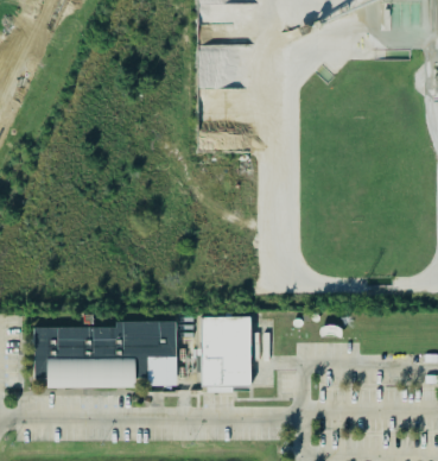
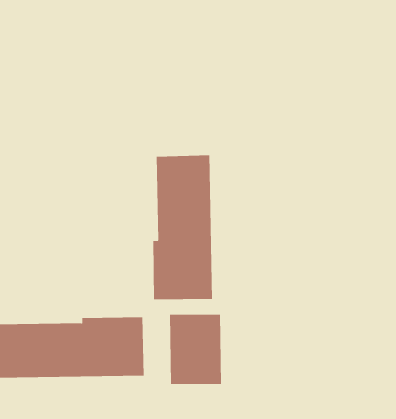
building: none -> [153,154,213,300]

